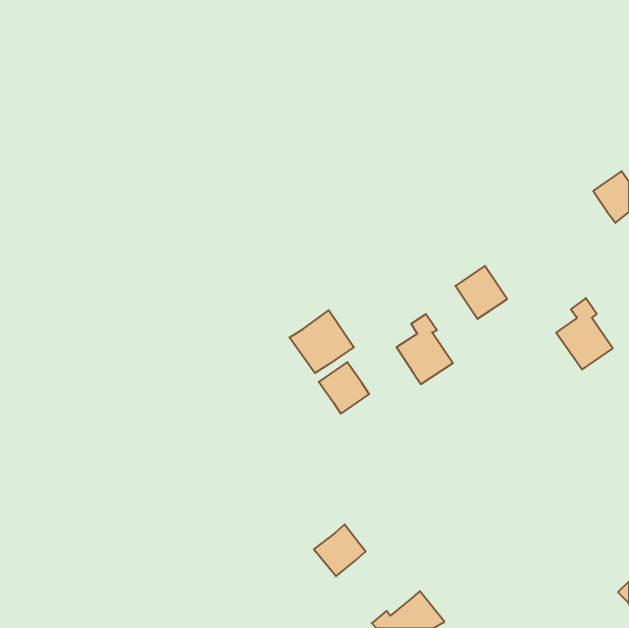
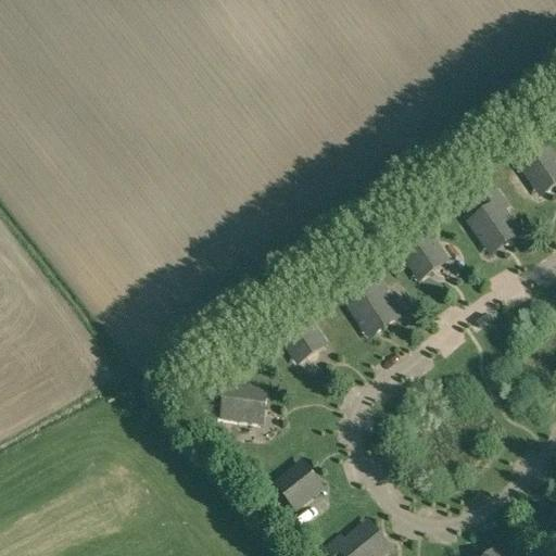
building: [556,298,613,370] -> [470,192,520,255]
building: [289,310,354,373] -> none
building: none -> [217,378,268,424]

